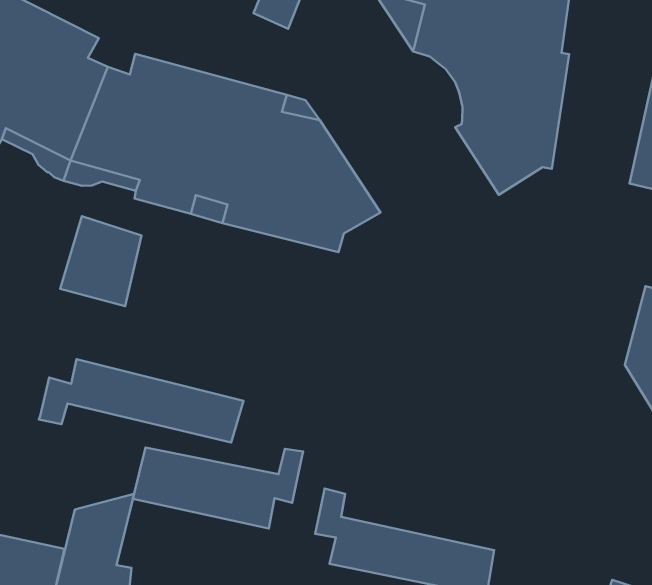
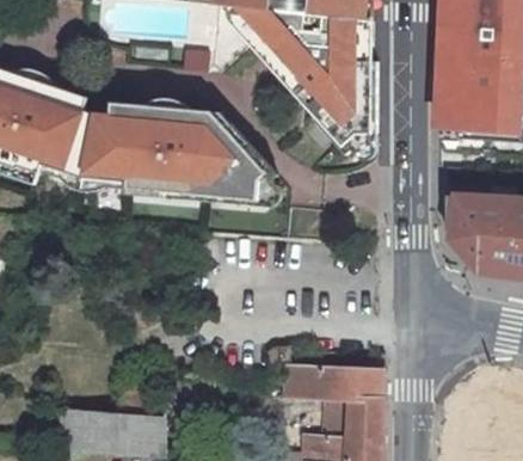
building: [60,216,142,306] -> none
building: [39,359,244,442] -> none
building: [133,448,303,528] -> none

